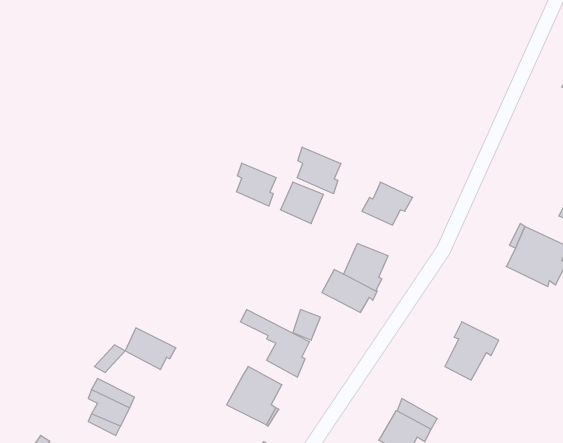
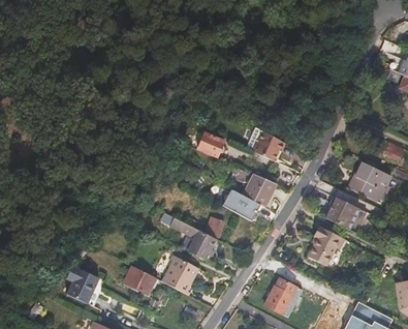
building: [297,147,341,194] -> none
building: [237,163,276,206] -> none
building: none -> [326,198,360,230]
building: [125,328,176,369] -> [124,266,158,294]

